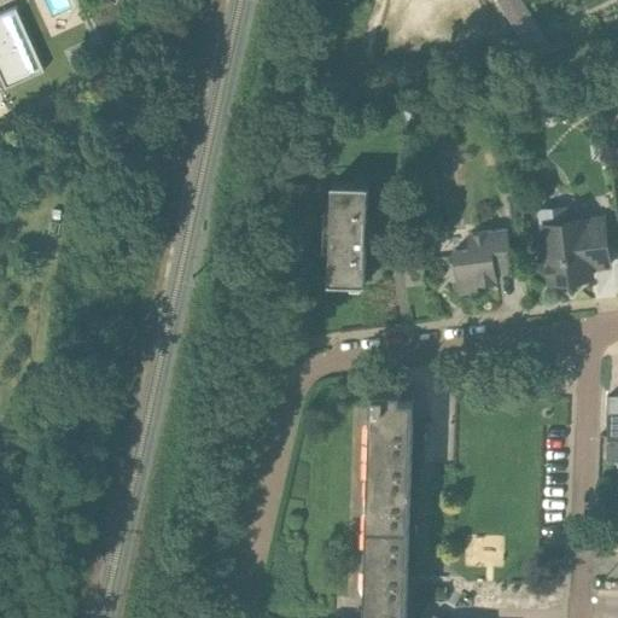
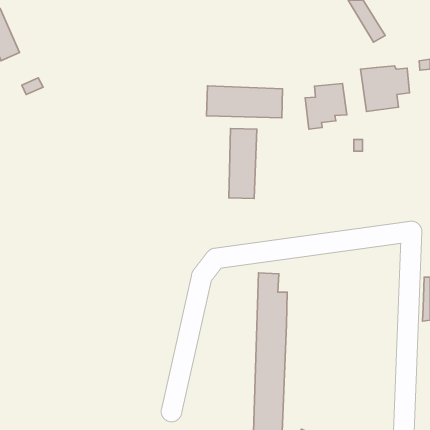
building: none -> [206,86,283,118]
building: [536,220,606,285] -> [361,66,410,111]
building: [451,231,511,296] -> [305,84,347,129]

